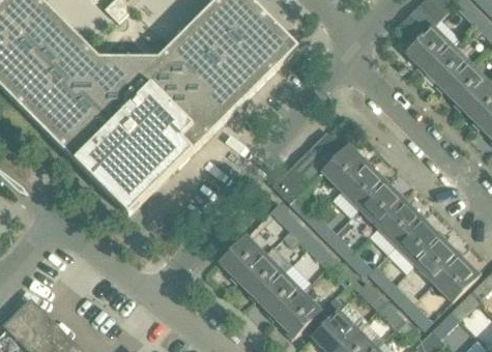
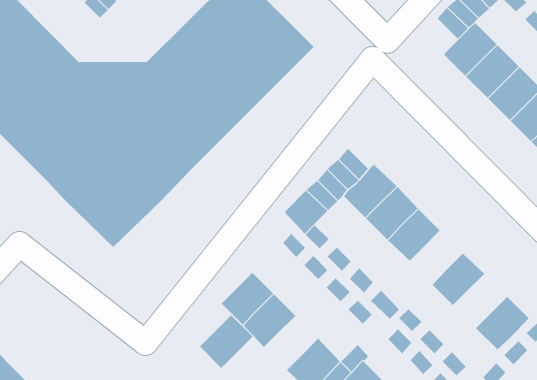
building: [378,201,423,246] -> none
building: [414,237,460,283] -> none
building: [256,272,301,318] -> [199,314,253,369]

